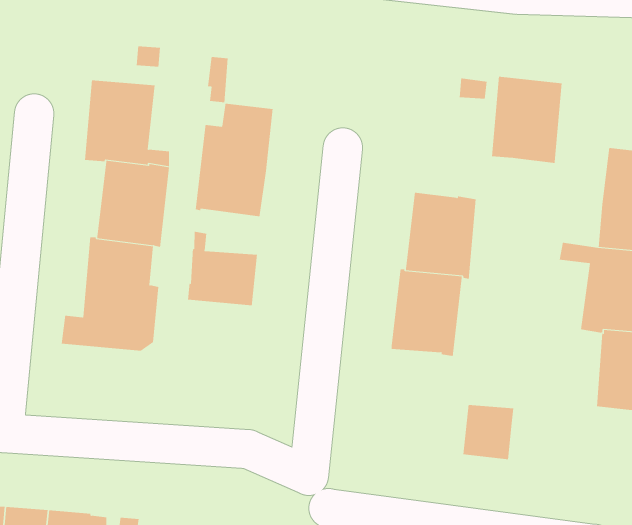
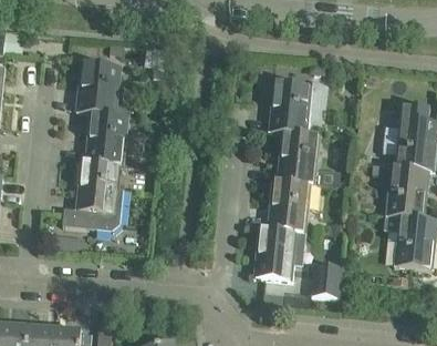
building: [491,76,563,164] -> [268,79,312,133]
building: [195,103,273,217] -> none
building: [187,231,257,306] -> none
building: none -> [253,225,298,278]

